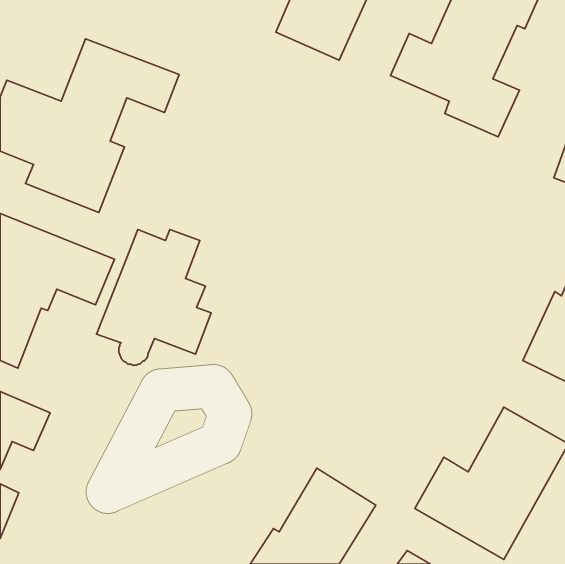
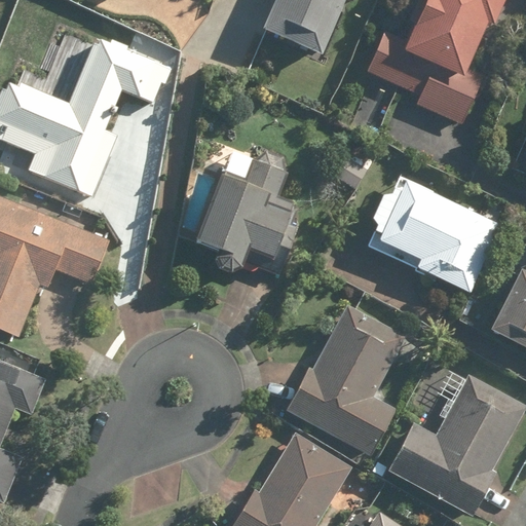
building: none -> [372,182,498,296]
building: [97,230,211,365] -> [191,148,297,273]
building: none -> [287,303,406,454]

